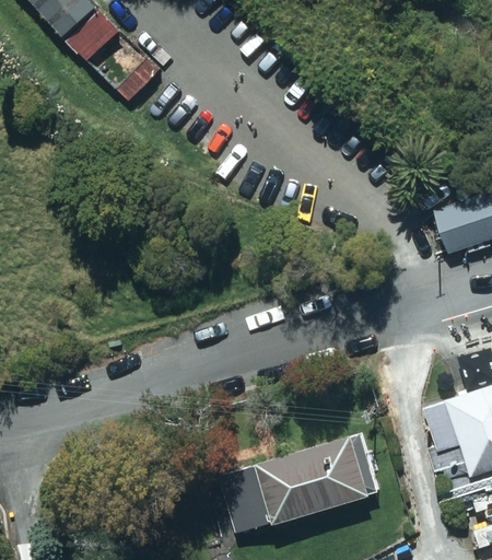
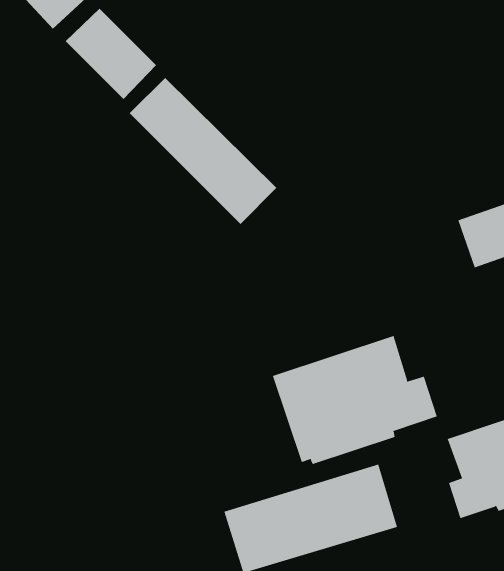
building: none -> [129,77,277,225]
building: none -> [272,335,438,465]

